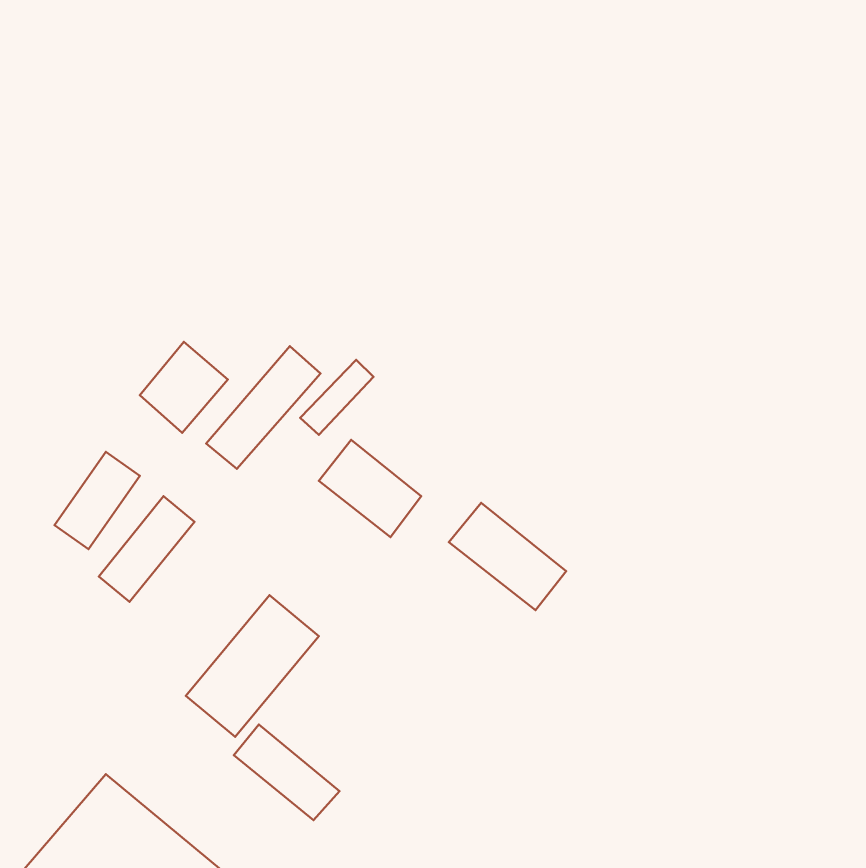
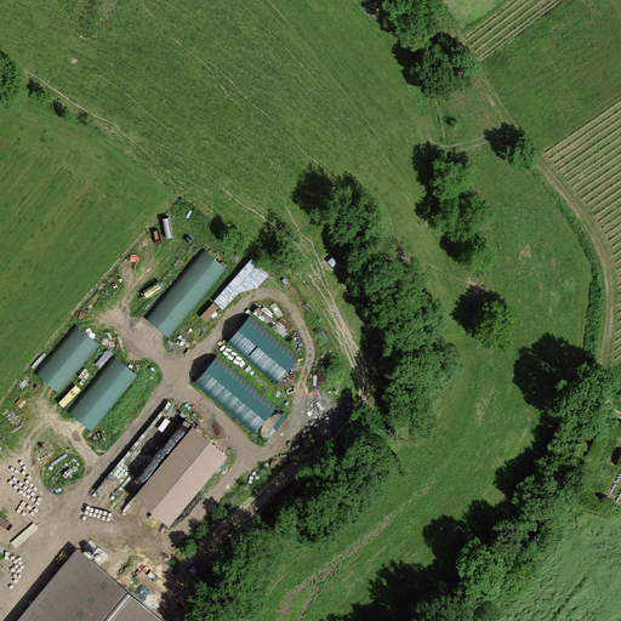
building: [140,342,228,433] -> none
building: [449,503,566,610] -> [194,357,278,433]
building: [234,724,339,820] -> none

